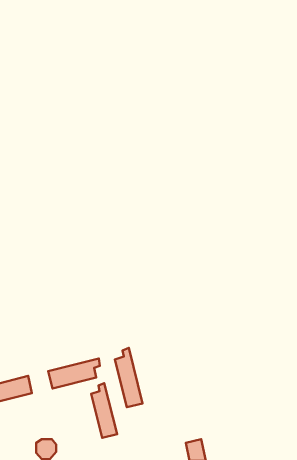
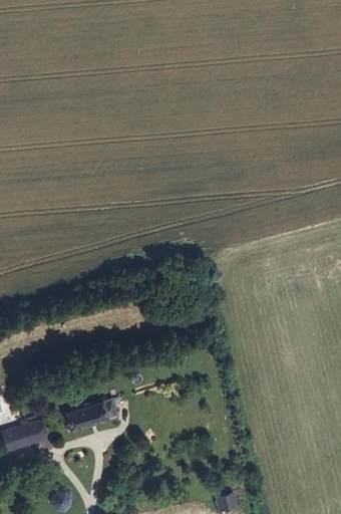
building: [115,348,143,407] -> none
building: [91,383,117,438] -> none

